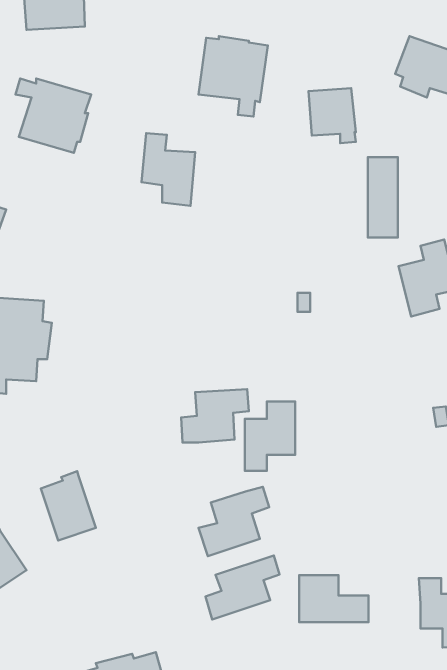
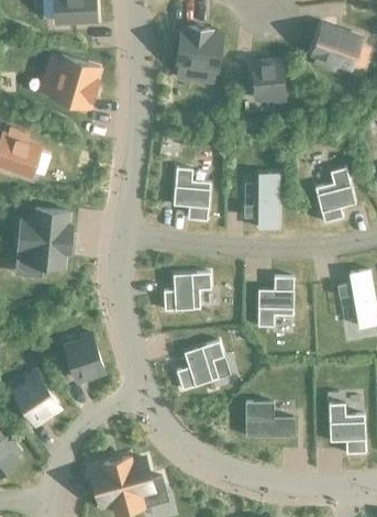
building: [142,133,195,206] -> [174,170,211,221]
building: [368,157,398,237] -> [258,173,279,229]
building: [245,401,295,471] -> [258,278,293,327]
building: [205,555,280,620] -> none

